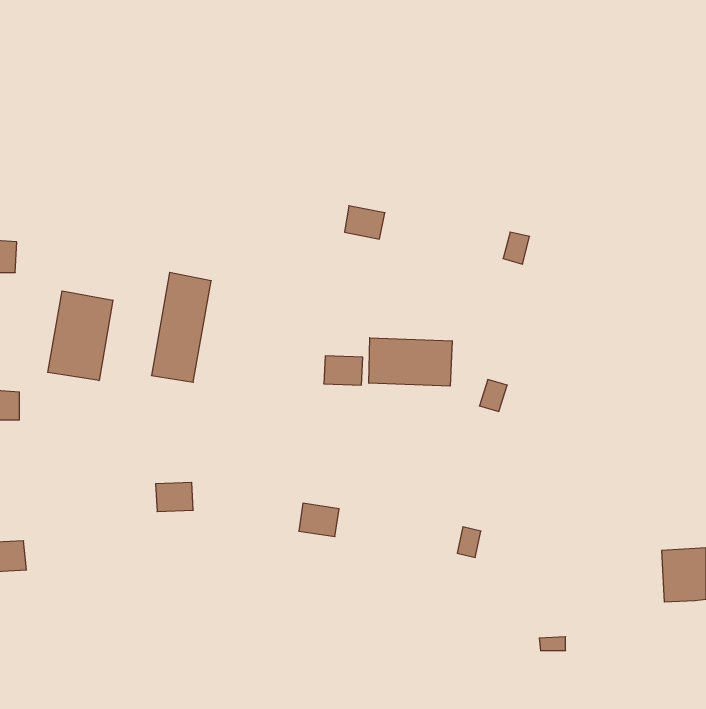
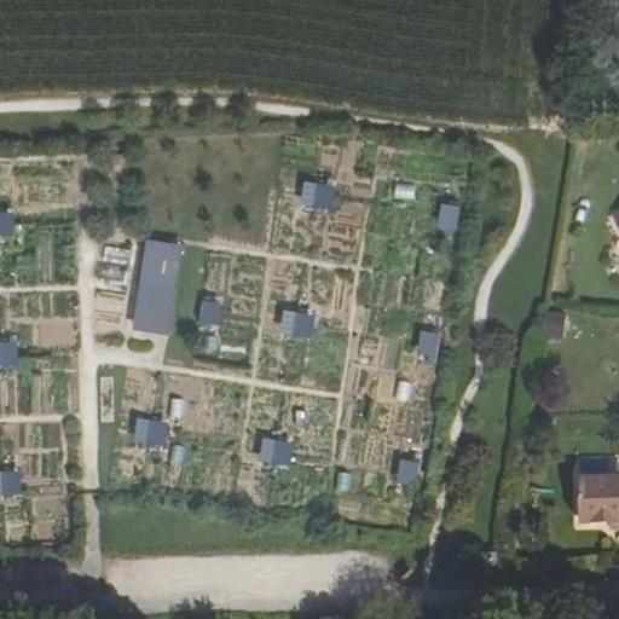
building: [48,291,113,381] -> none
building: [369,338,452,386] -> none

